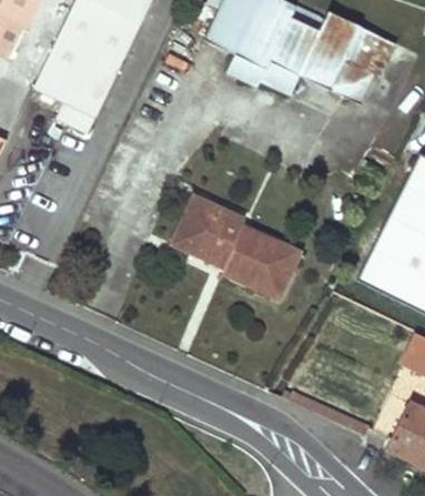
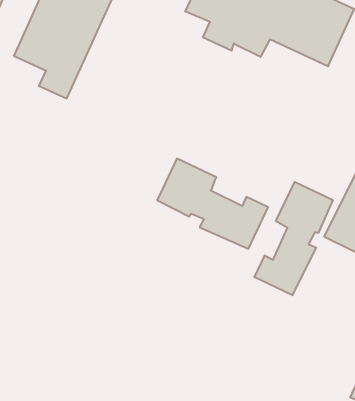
building: none -> [254,182,333,295]

